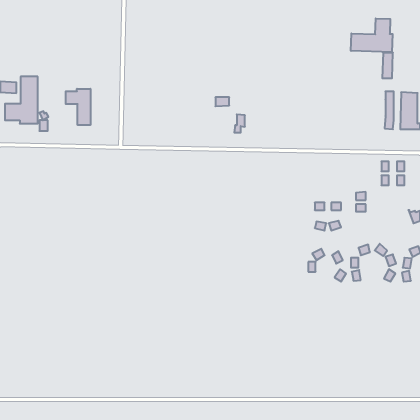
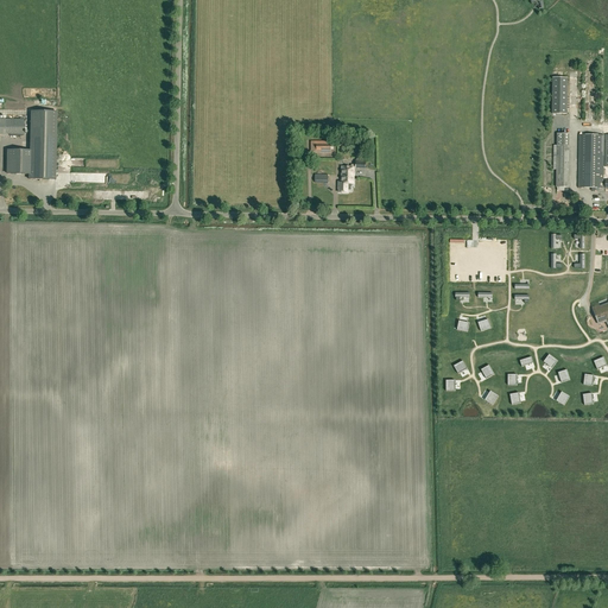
building: [351,18,393,52] -> none
building: [66,89,90,125] -> none

